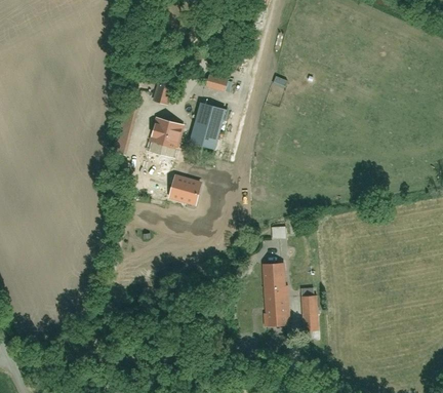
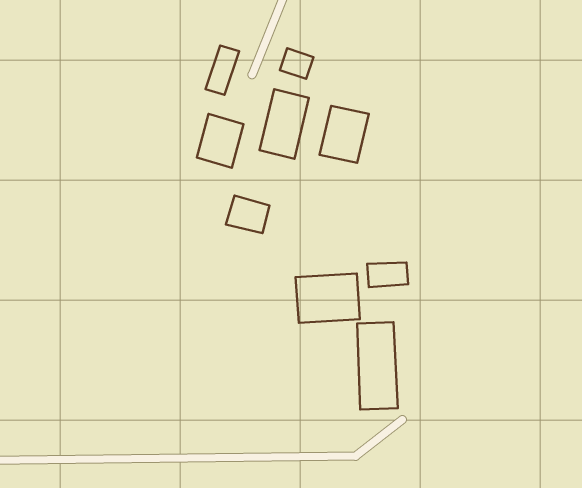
building: none -> [320,106,369,163]
building: none -> [296,273,360,323]
building: [304,296,321,331] -> none

